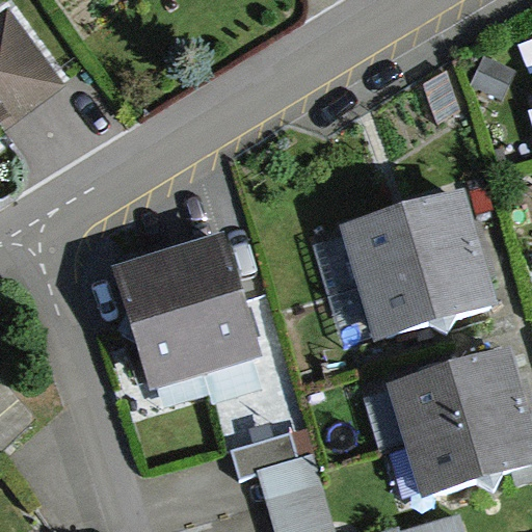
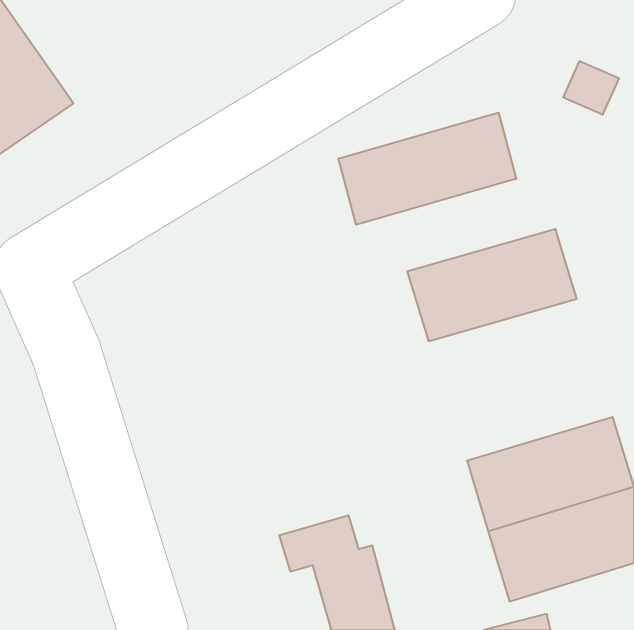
building: none -> [338,113,516,225]
building: [112,235,256,390] -> none
building: [357,249,497,340] -> none

